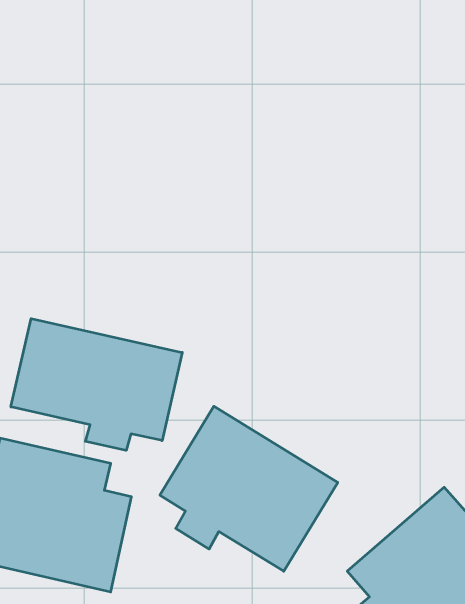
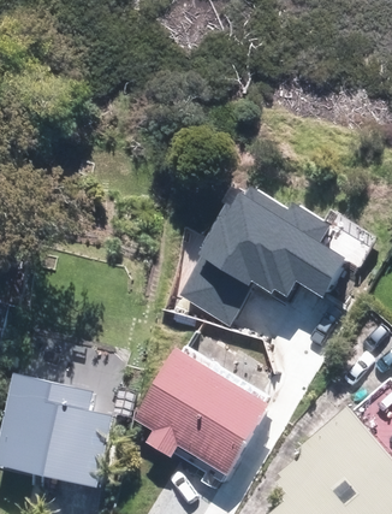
building: none -> [179,184,349,319]
building: [11,319,182,450] -> none

